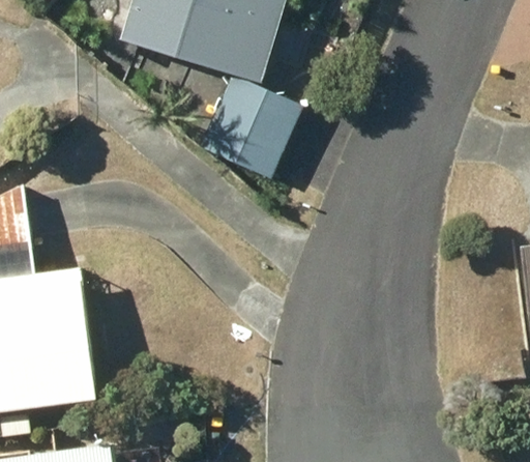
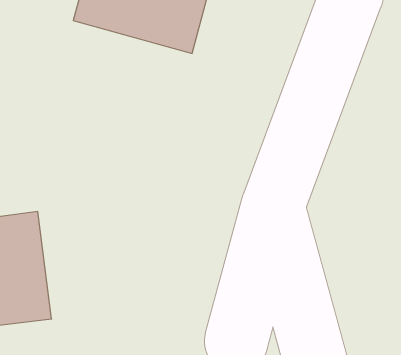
building: [200,80,300,178] -> none

